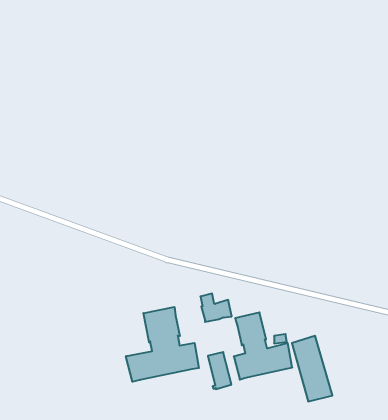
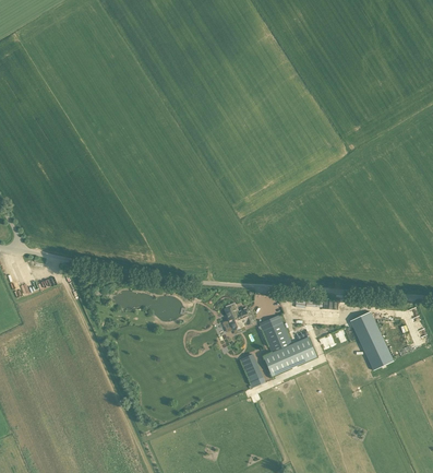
building: [126,307,199,382] -> none
building: [292,336,332,401] -> [349,311,393,370]

